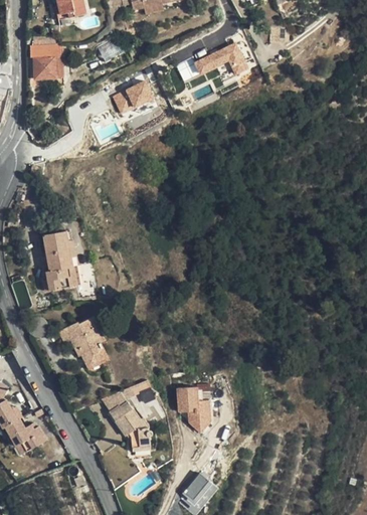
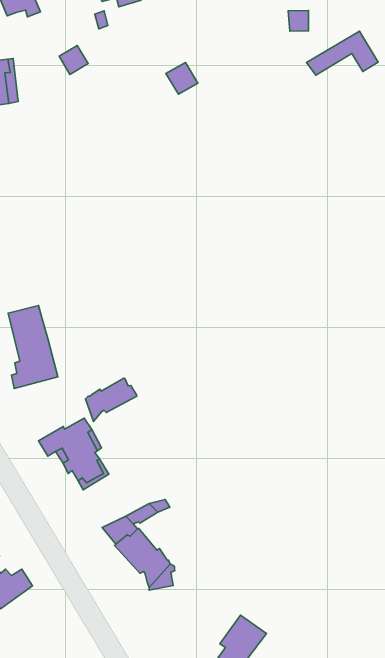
building: [193,42,246,72] -> [307,31,378,75]
building: [113,80,154,114] -> none
building: none -> [85,378,137,421]
building: [176,386,209,427] -> none

